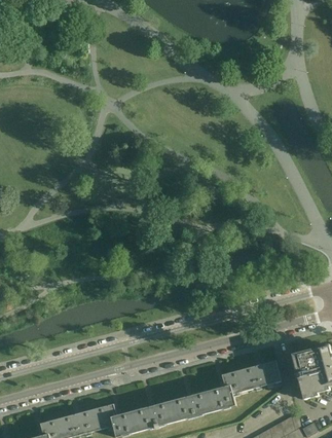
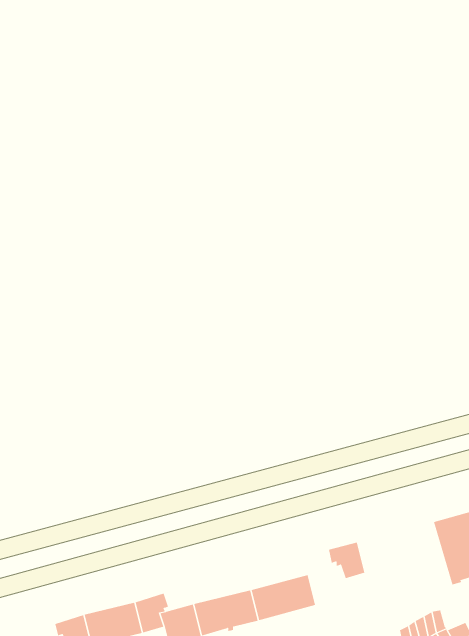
building: [239,360,279,390] -> none
building: [207,385,234,411] -> none

